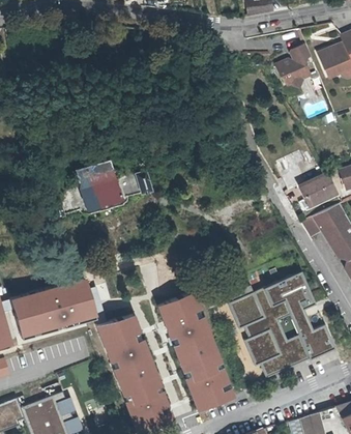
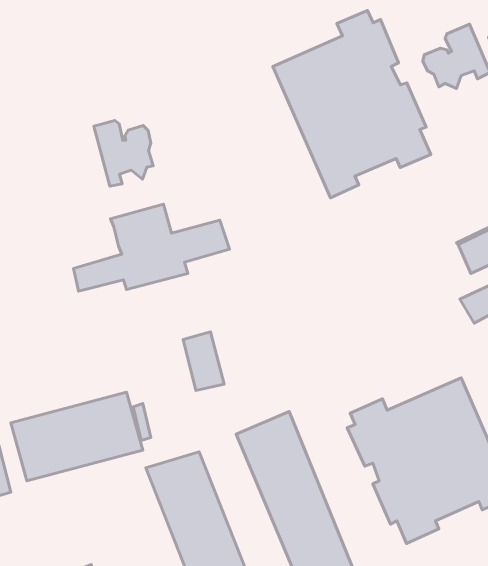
building: none -> [273,11,431,198]
building: none -> [94,120,153,186]
building: none -> [183,332,224,390]

